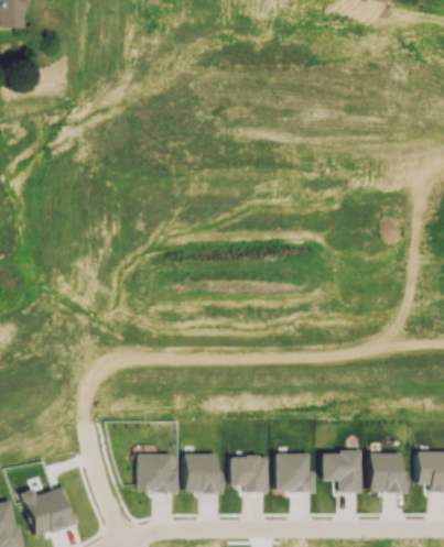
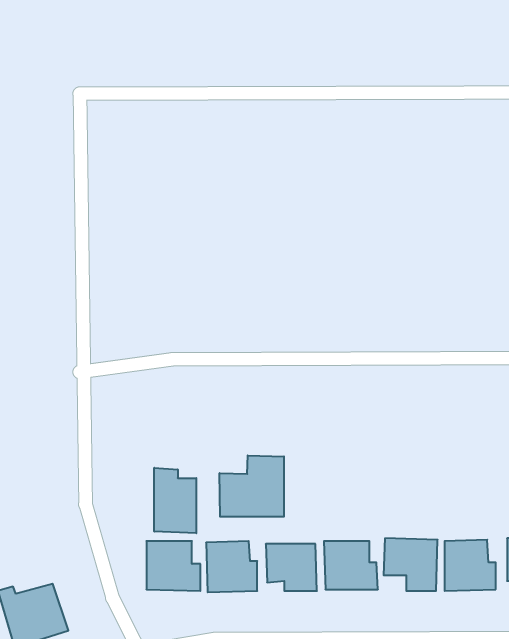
building: none -> [220,455,284,517]
building: none -> [154,468,196,533]

